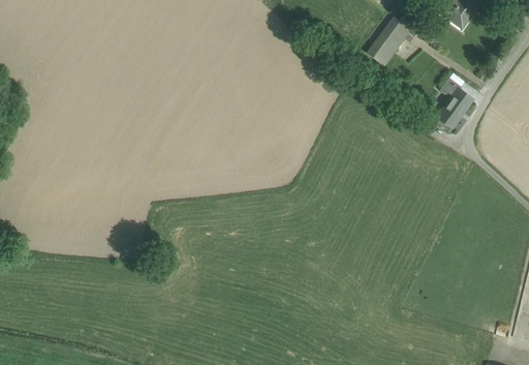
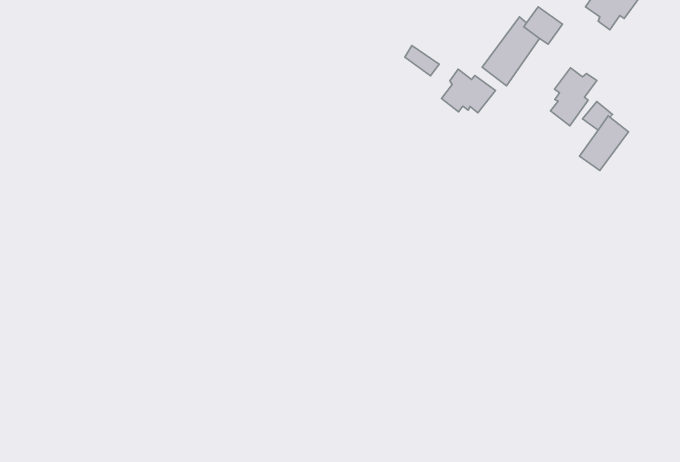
building: none -> [551,68,597,126]
building: none -> [441,69,495,113]

